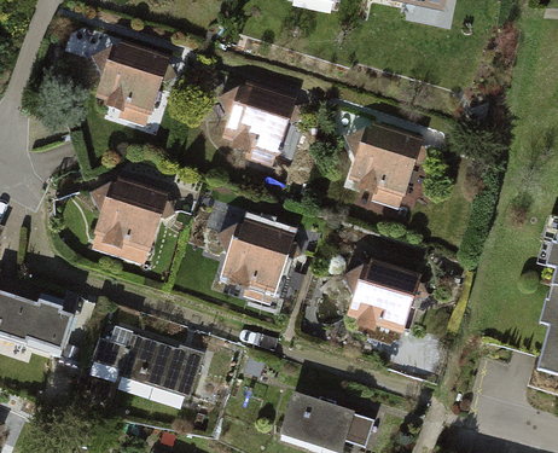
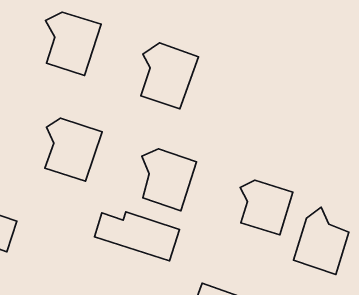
building: [348,124,418,207] -> none
building: none -> [294,207,349,274]
building: [88,335,199,399] -> [94,212,180,261]

